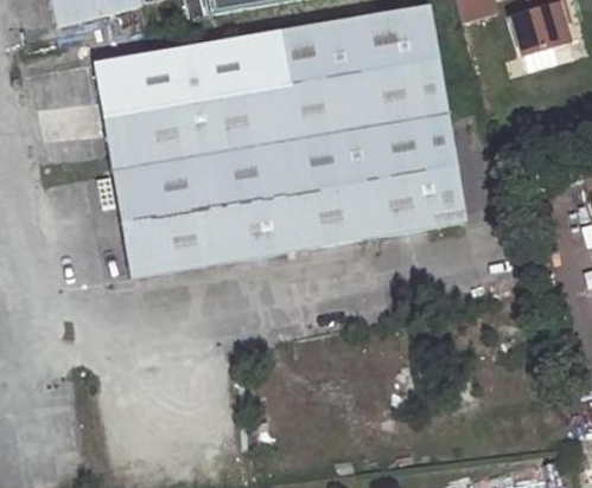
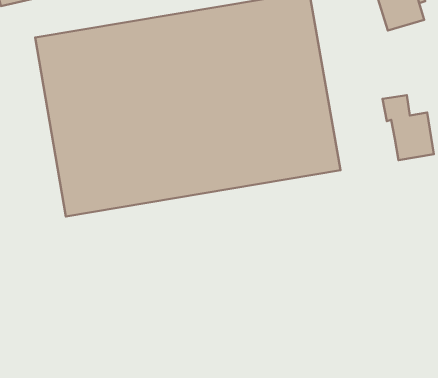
building: none -> [383,95,434,160]

